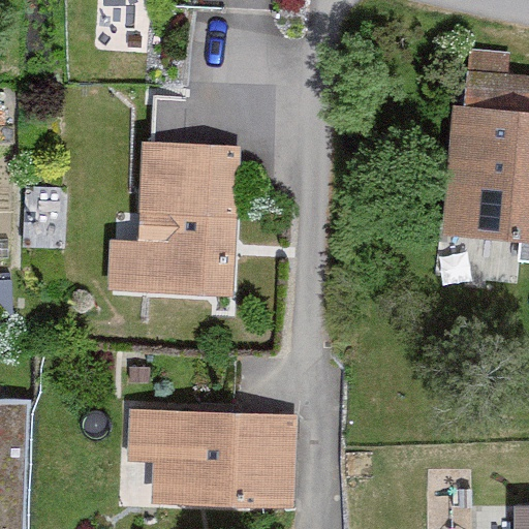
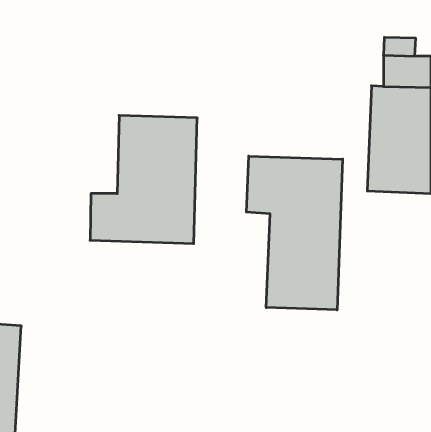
building: none -> [246,156,343,310]
building: [126,408,293,511] -> none

